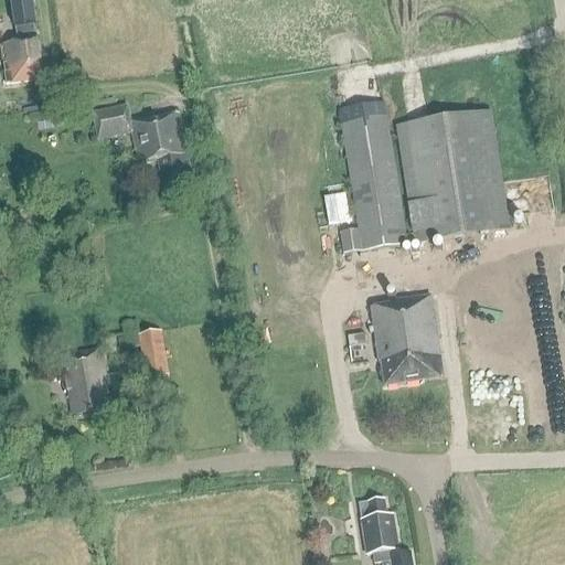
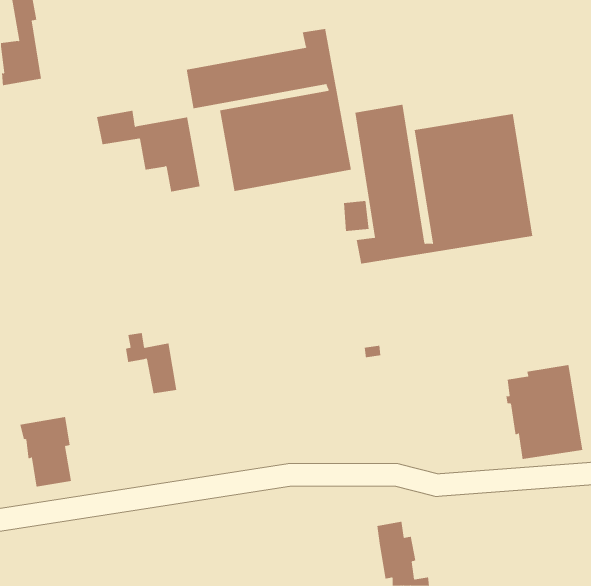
building: none -> [186,28,352,192]
building: [369,291,443,382] -> [506,365,583,459]
building: [60,344,109,412] -> [20,416,72,487]

